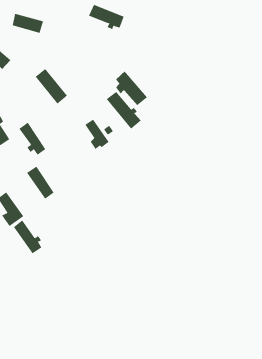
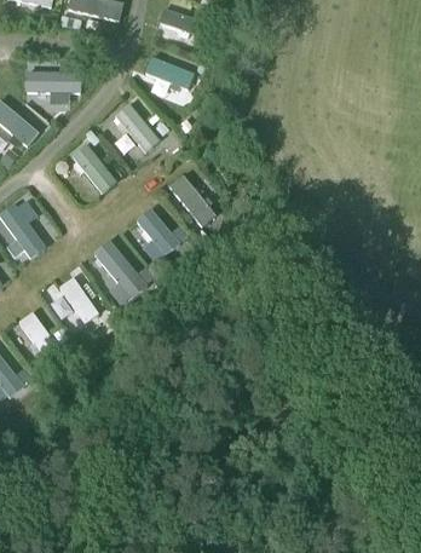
building: [115,70,148,106] -> [115,104,160,152]
building: [19,122,46,155] -> [97,240,134,286]
building: [13,219,42,254] -> none

